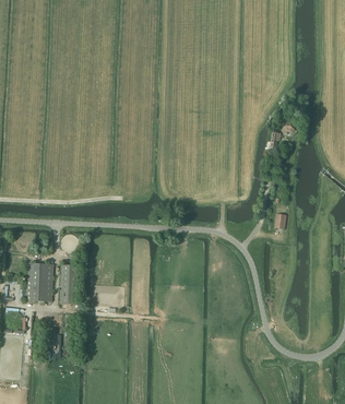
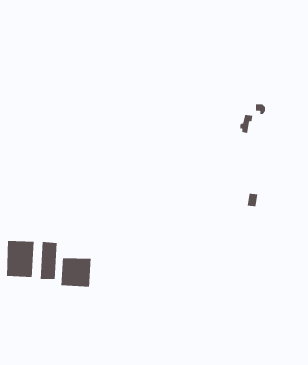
building: none -> [61,257,91,288]

